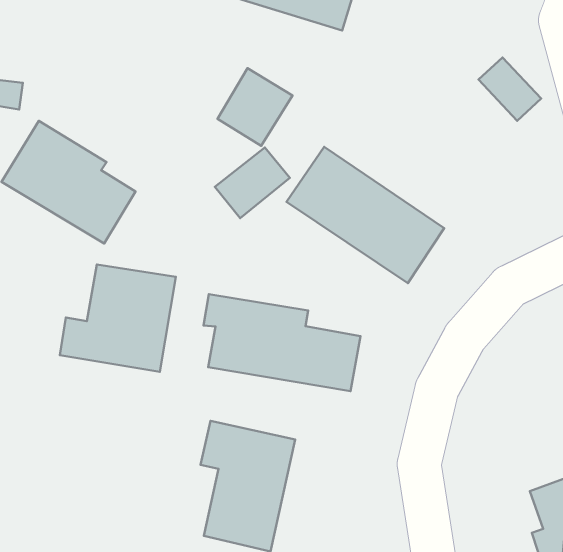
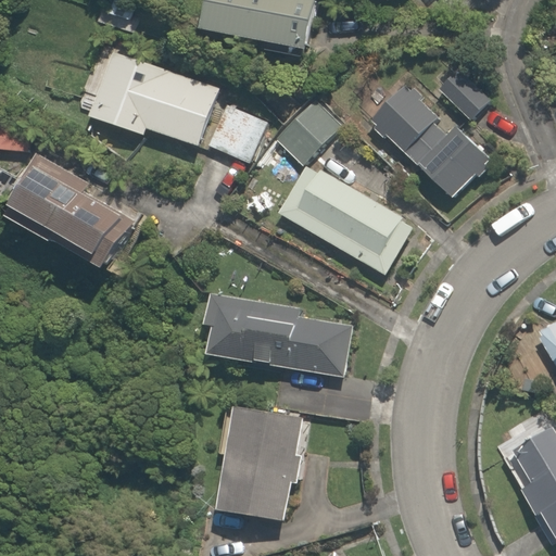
building: none -> [91,51,217,144]
building: none -> [366,87,489,194]
building: [215,148,290,218] -> [273,94,339,160]
building: [60,264,176,372] -> none

